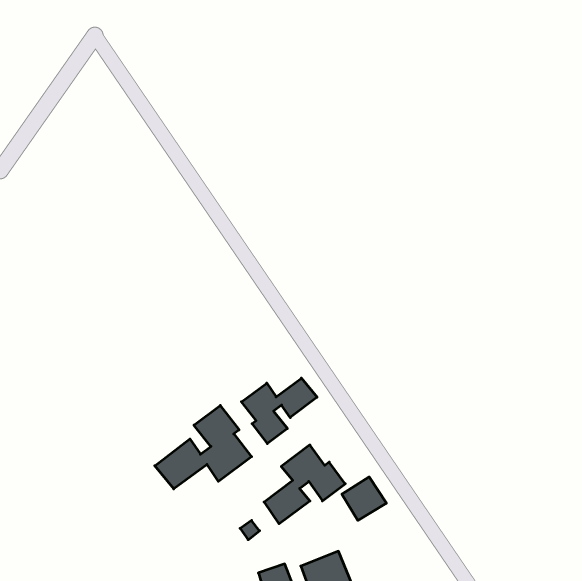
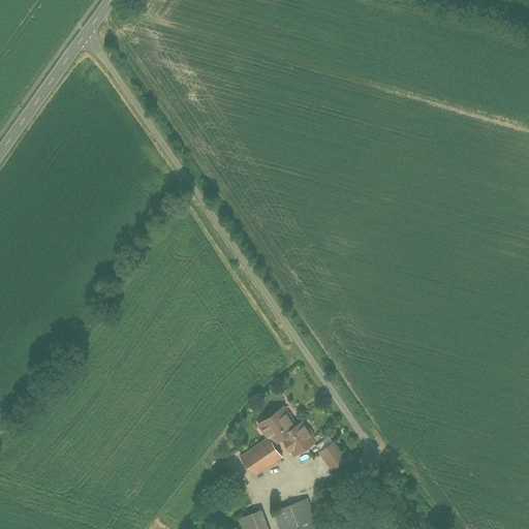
building: [241,378,317,444] -> none
building: [155,405,252,489] -> none

